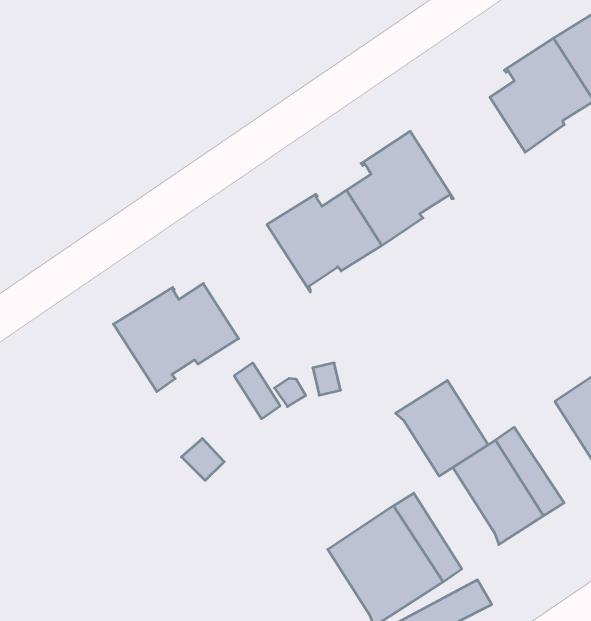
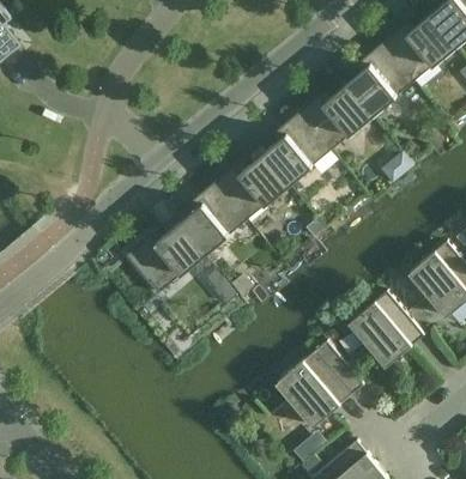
building: none -> [298,85,373,152]
building: none -> [178,182,247,256]
building: [396,380,488,476] -> none

